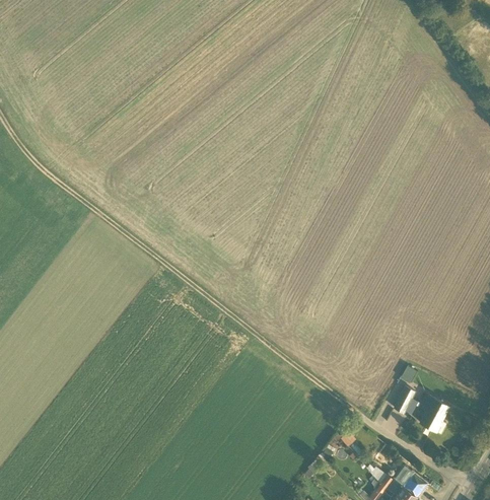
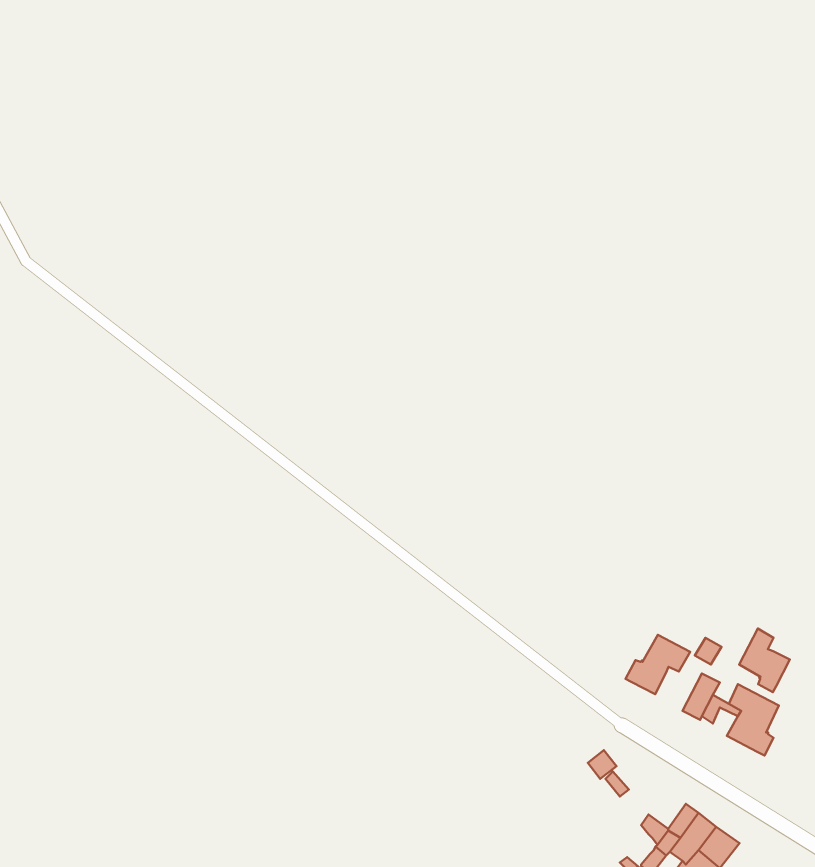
building: none -> [739,628,790,692]
building: none -> [626,635,690,694]

